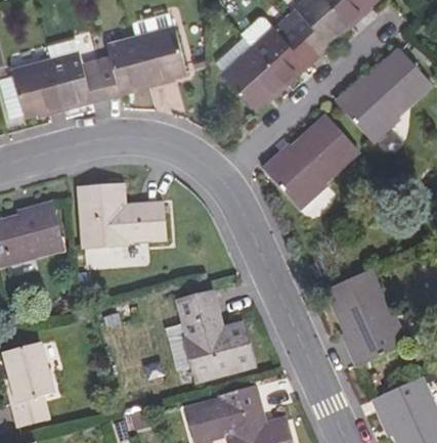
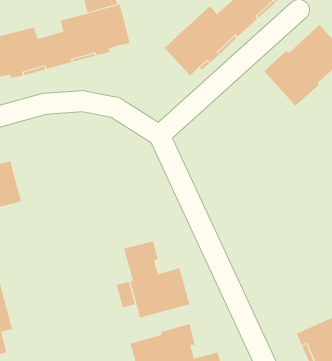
building: [263,115,358,208] -> none
building: [79,185,163,247] -> none
building: [326,270,406,366] -> none

